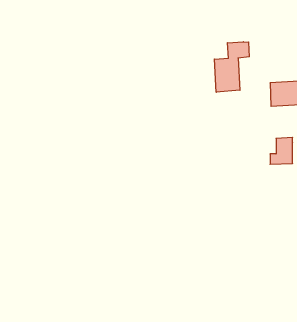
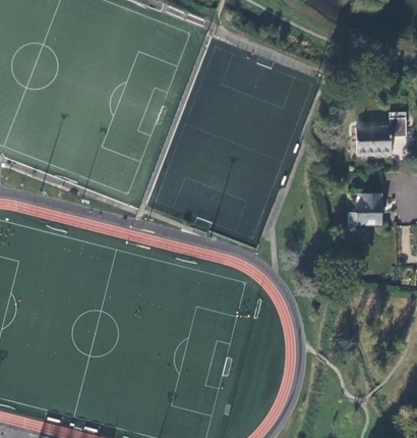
building: [214,42,249,92] -> none

